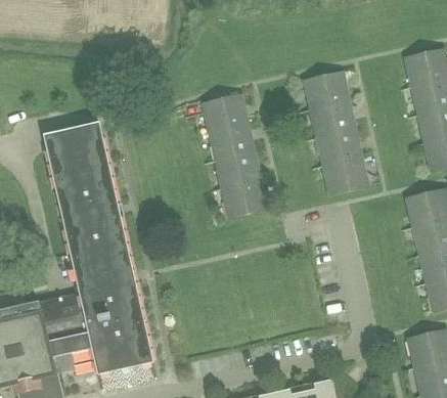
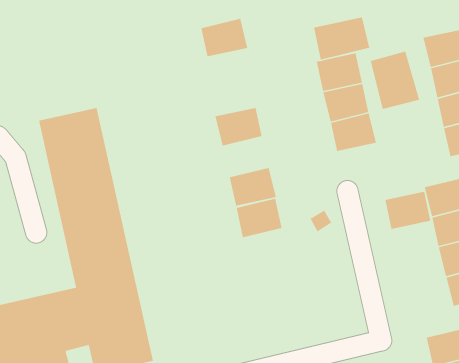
building: none -> [313,16,370,60]
building: none -> [370,50,420,110]
building: [204,94,249,131] -> [200,18,248,57]
building: [217,150,261,188] -> [236,198,283,238]
building: [324,157,368,193] -> [384,191,431,230]

